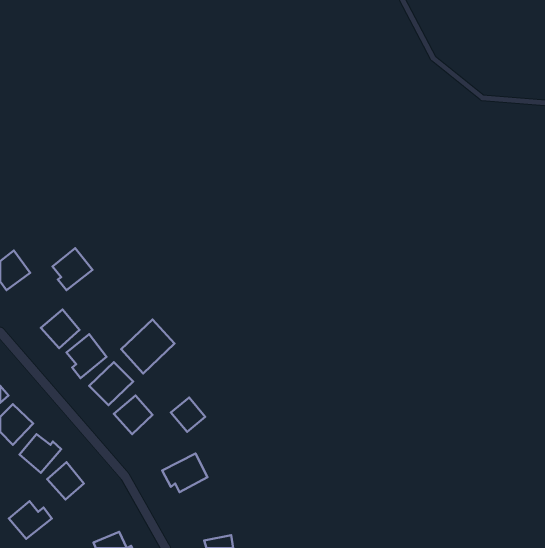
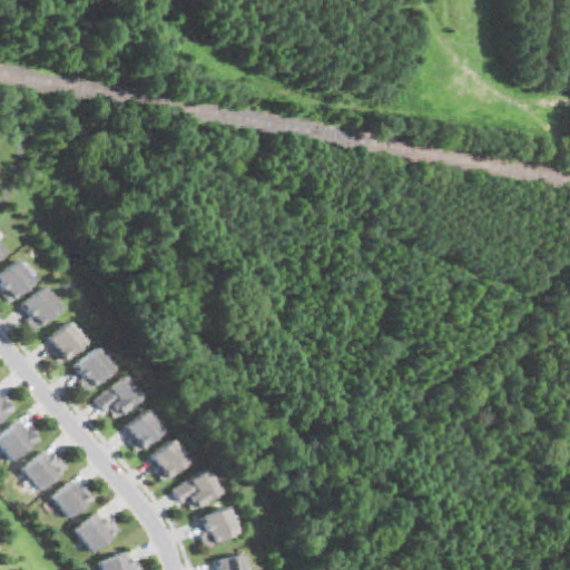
building: [53,248,92,290] -> [21,286,62,330]
building: [121,319,174,373] -> none
building: [171,397,205,432] -> [151,441,187,476]
building: none -> [198,507,237,547]
building: [9,501,52,539] -> [77,512,121,551]

